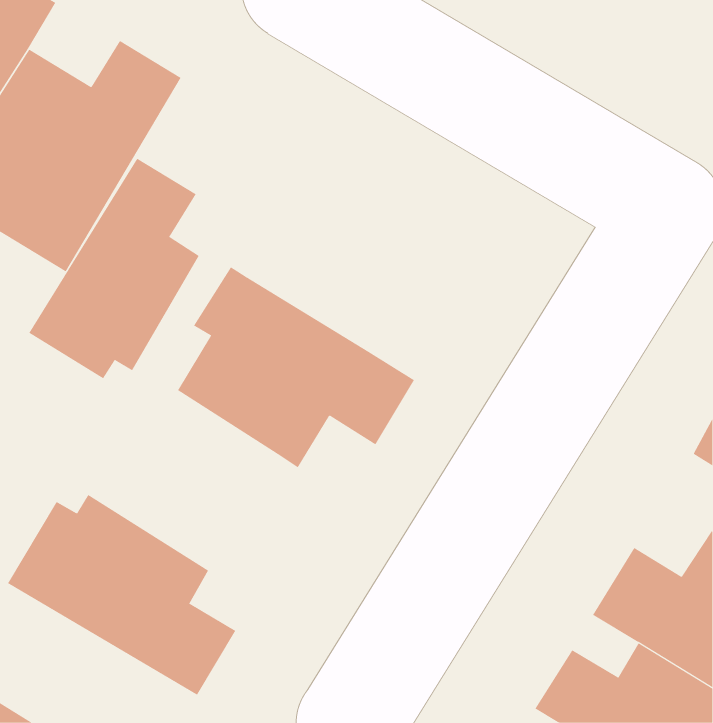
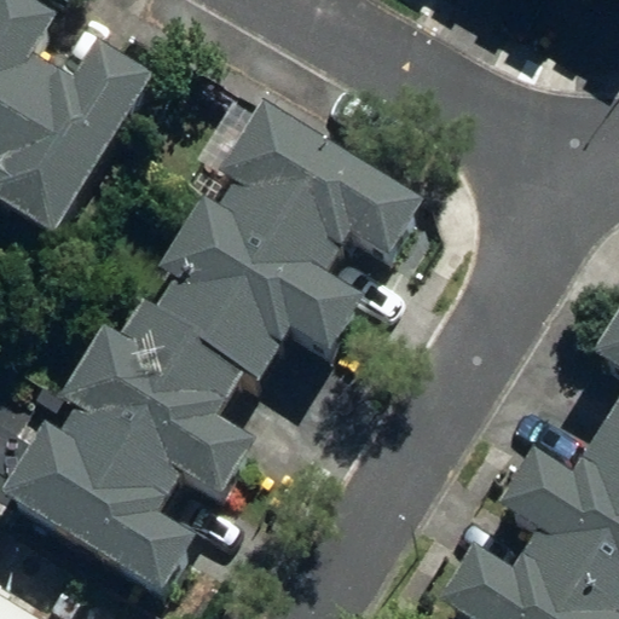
building: none -> [207,110,416,295]
building: [28,158,199,379] -> none
building: none -> [58,319,256,503]

